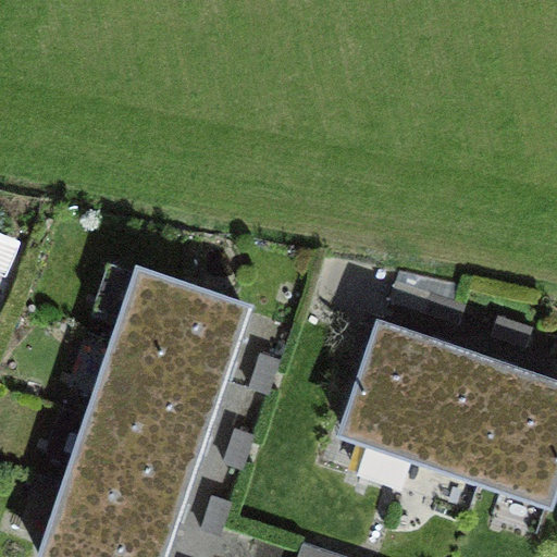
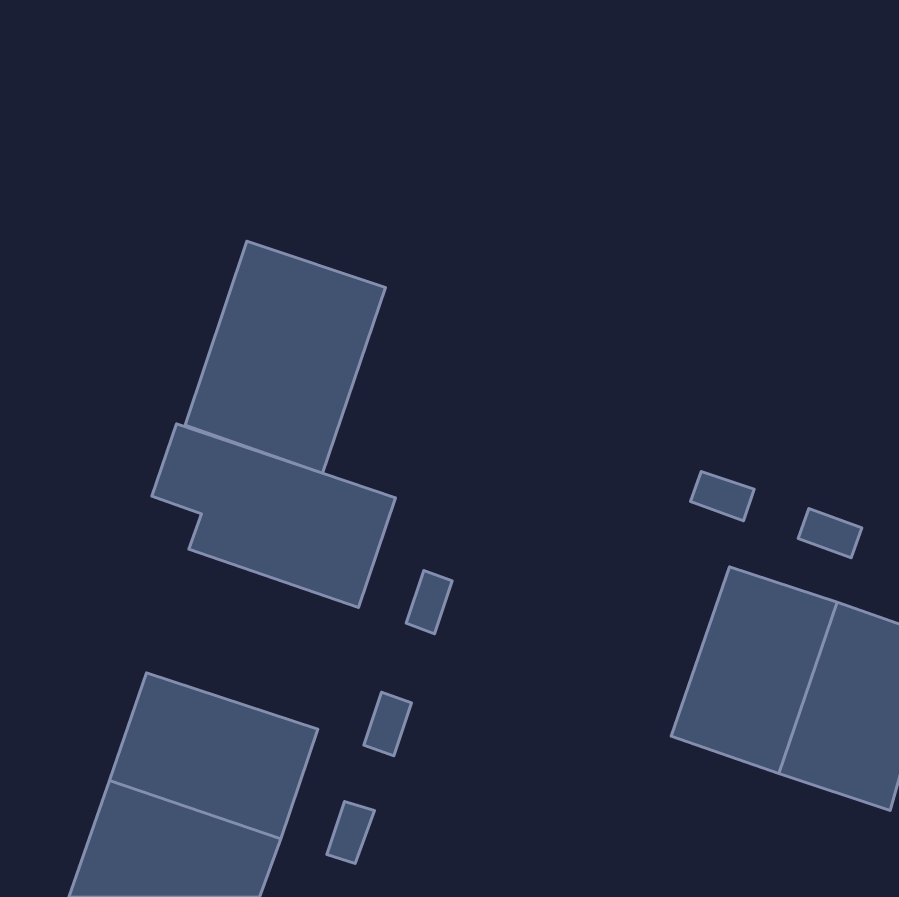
building: none -> [185,241,385,473]
building: [347,325,451,485] -> none
building: [92,338,223,449] -> none

